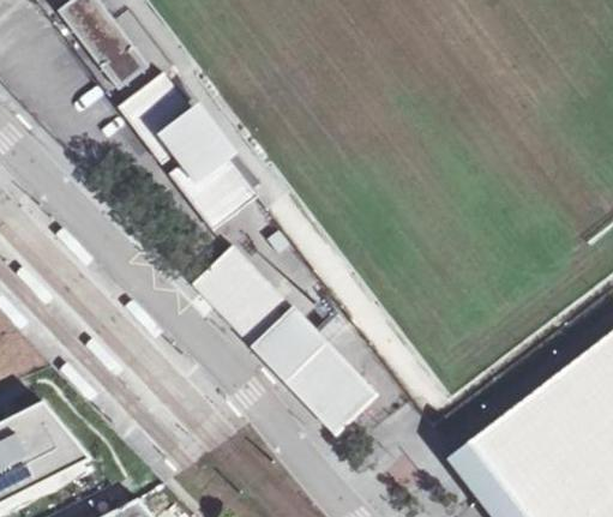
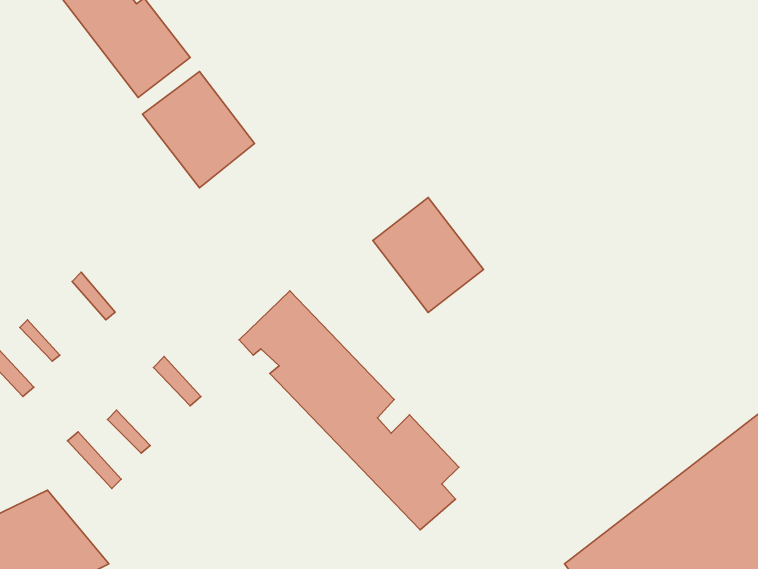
building: [170,142,257,232] -> [373,198,483,313]

